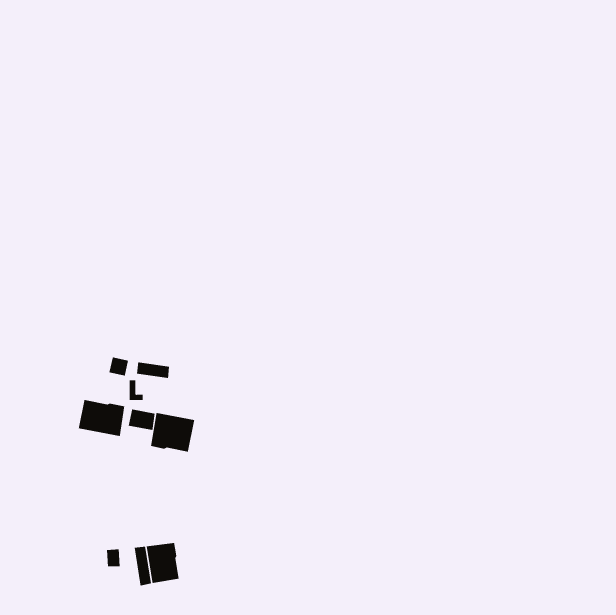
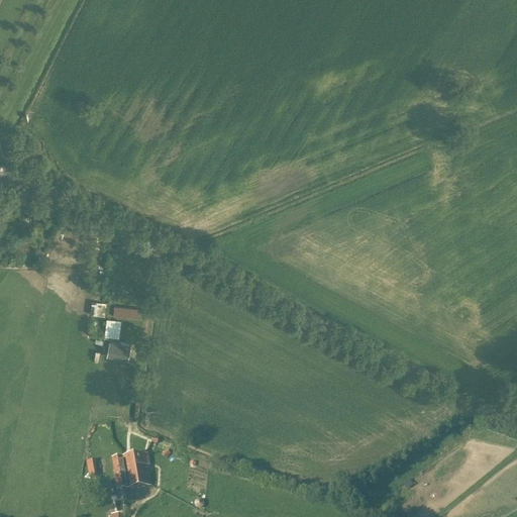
building: [78,399,125,437] -> none
building: [151,412,195,453] -> none

